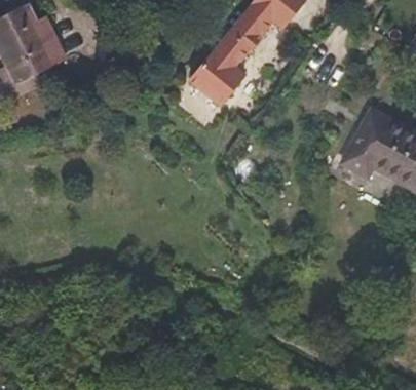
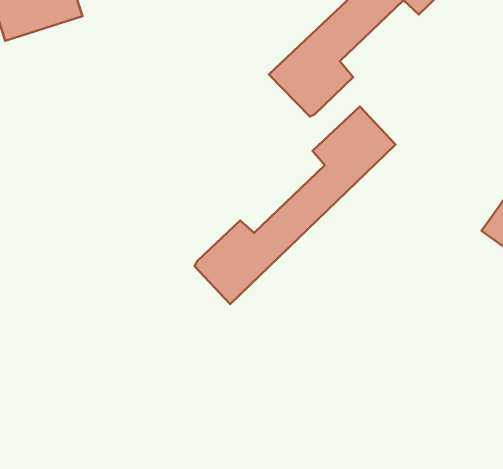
building: none -> [194,106,396,304]

